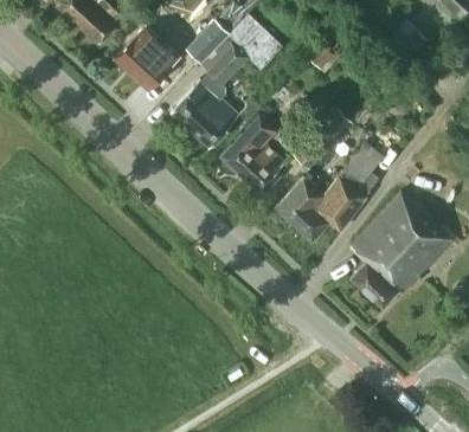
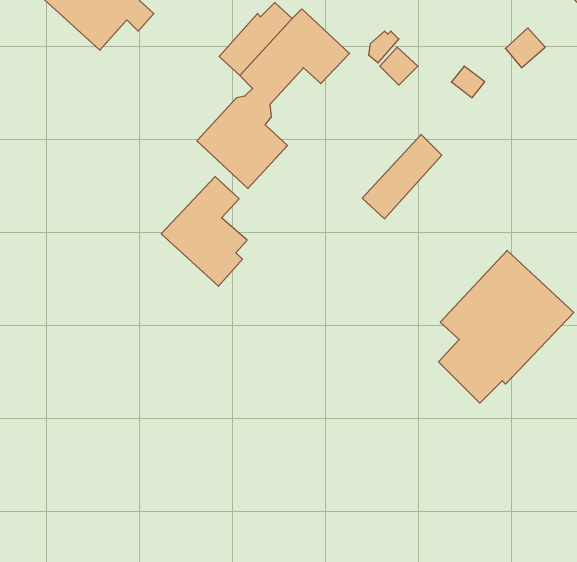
building: [113,28,176,92] -> none
building: [218,116,282,198] -> [161,177,247,286]
building: [274,135,390,243] -> none

